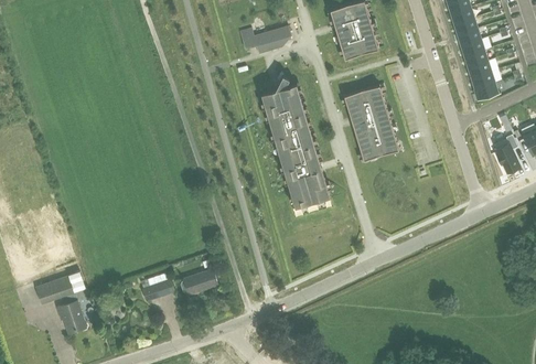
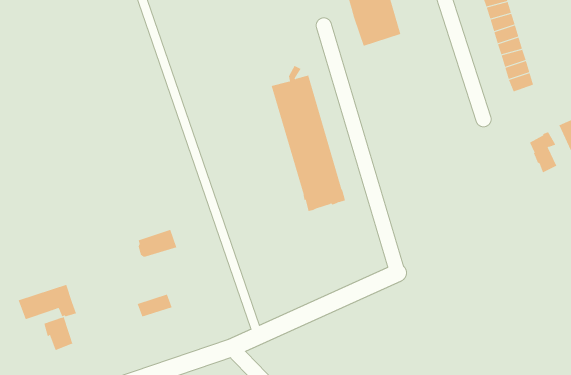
building: [240,26,291,55] -> none
building: [344,85,399,162] -> none
building: [183,270,218,296] -> [138,229,177,257]

